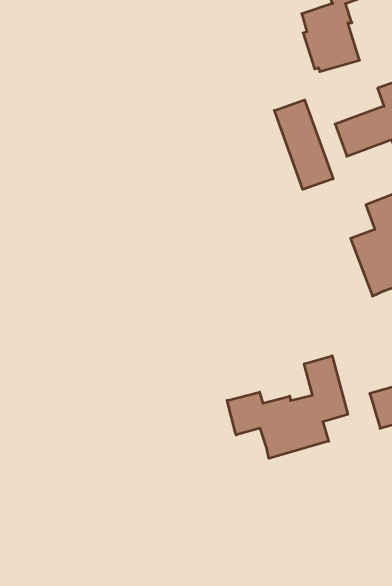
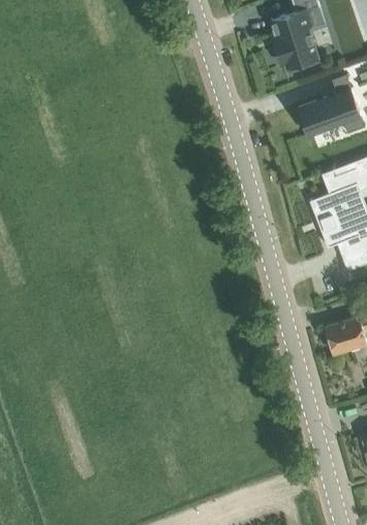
building: [274,100,333,189] -> none
building: [227,356,348,458] -> none

